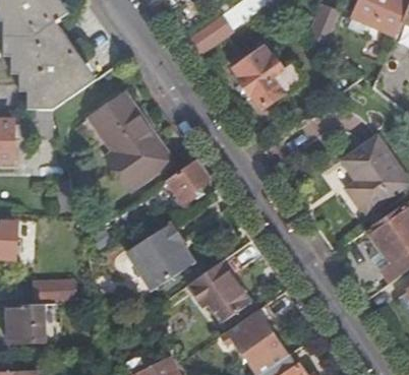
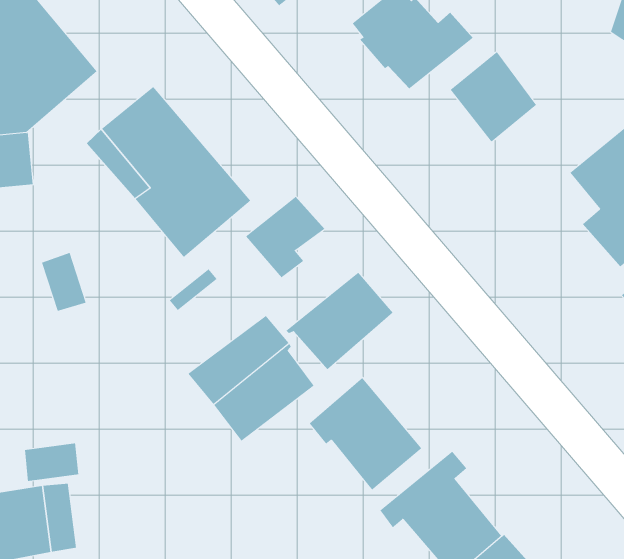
building: none -> [450,51,537,142]
building: none -> [285,272,394,370]

